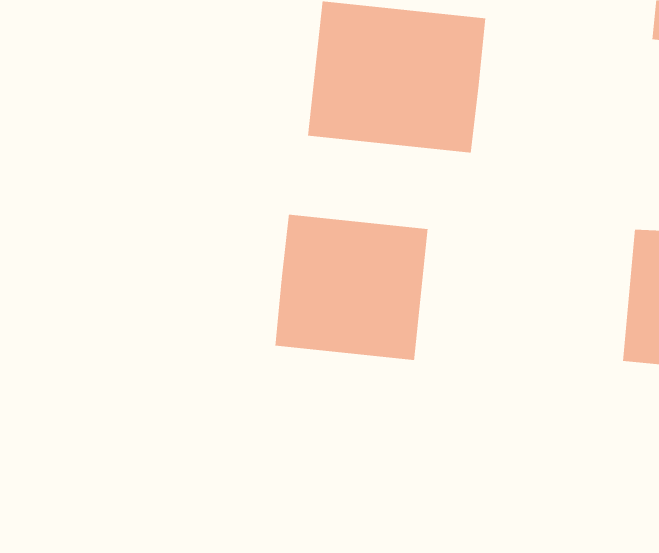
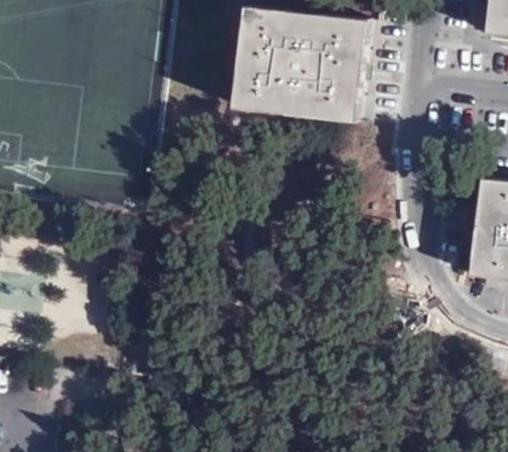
building: [275,214,428,361] -> none

